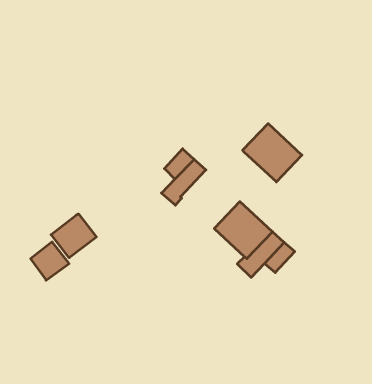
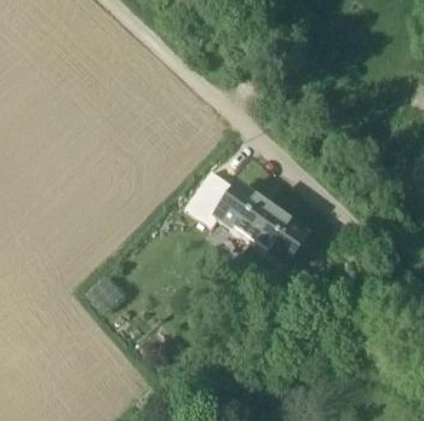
building: [243,124,302,182] -> [216,185,271,238]
building: [51,214,96,258] -> none

